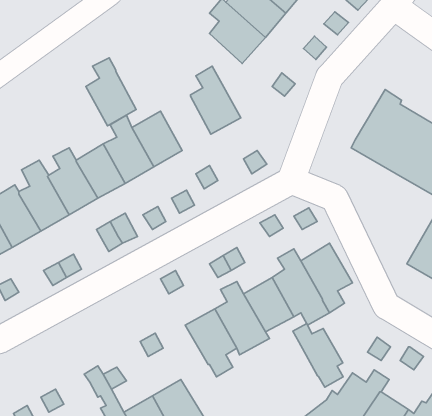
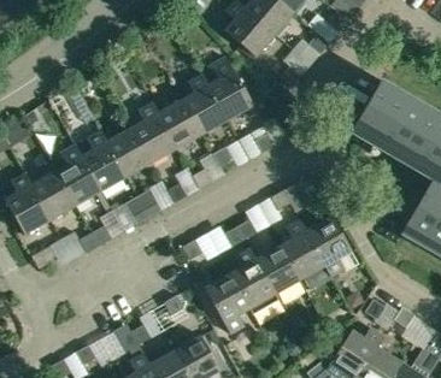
building: [86,58,136,126] -> [183,73,228,134]
building: [293,324,343,387] -> none

